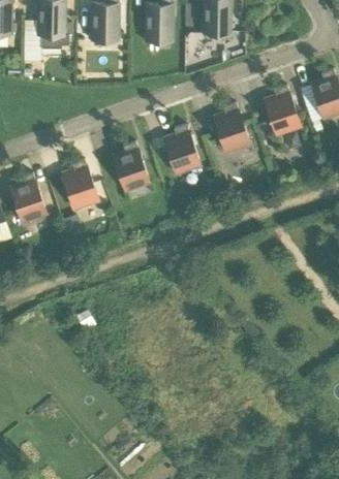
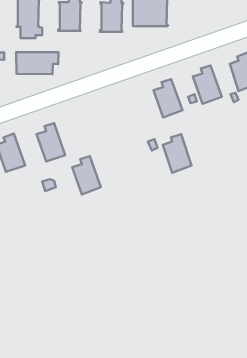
building: none -> [16,52,59,74]
building: [163,125,201,174] -> [163,134,192,173]
building: [113,142,150,192] -> [72,156,101,194]

